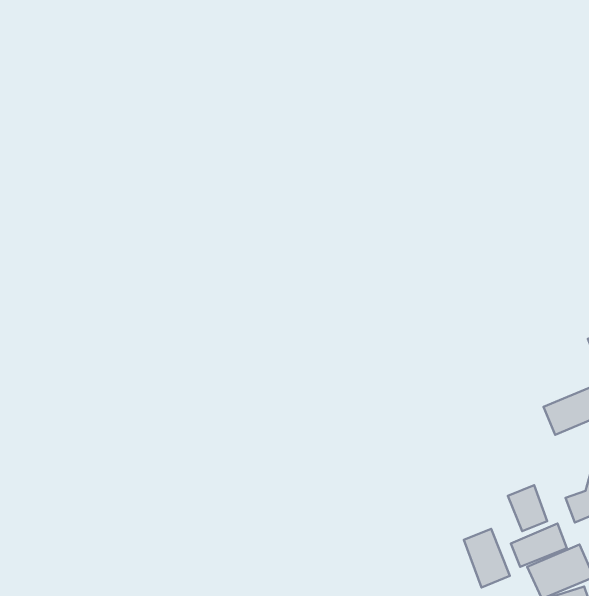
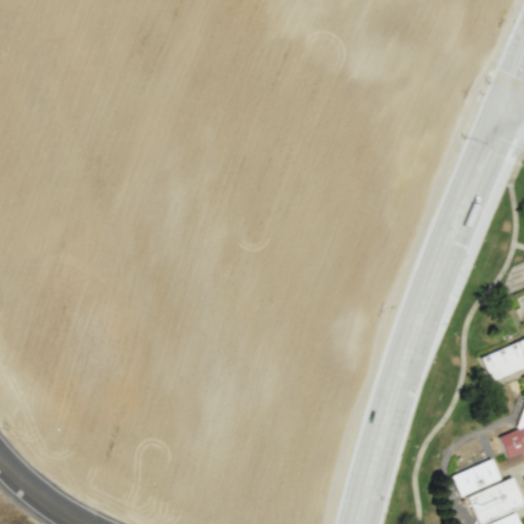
building: [508,485,547,531] -> none
building: [464,529,510,588] -> none

